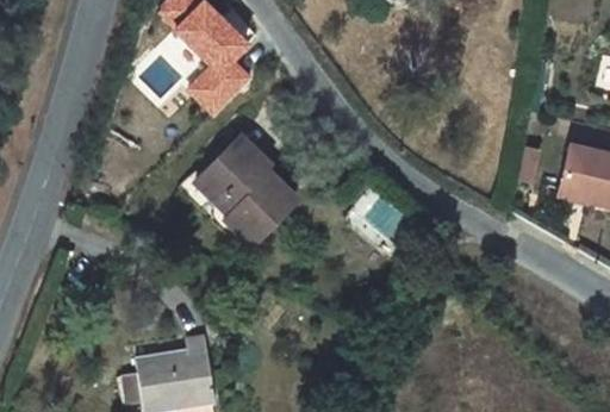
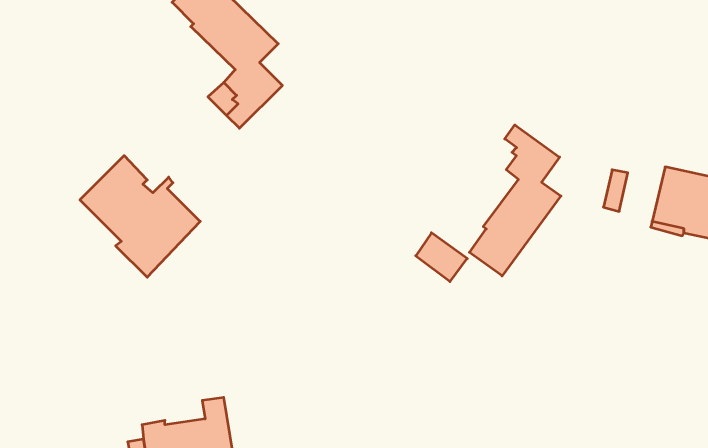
building: none -> [469,125,561,276]
building: [195,144,295,245] -> [80,156,200,277]

